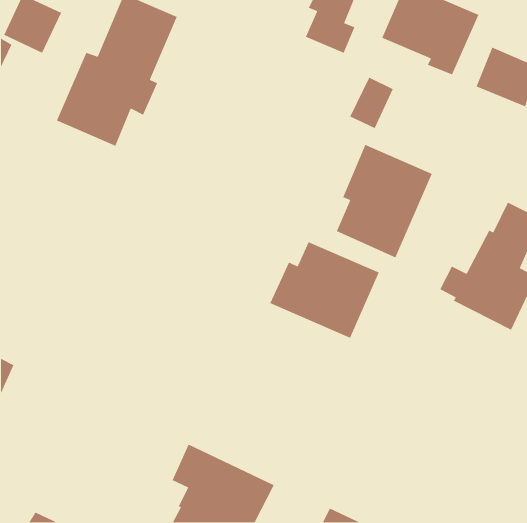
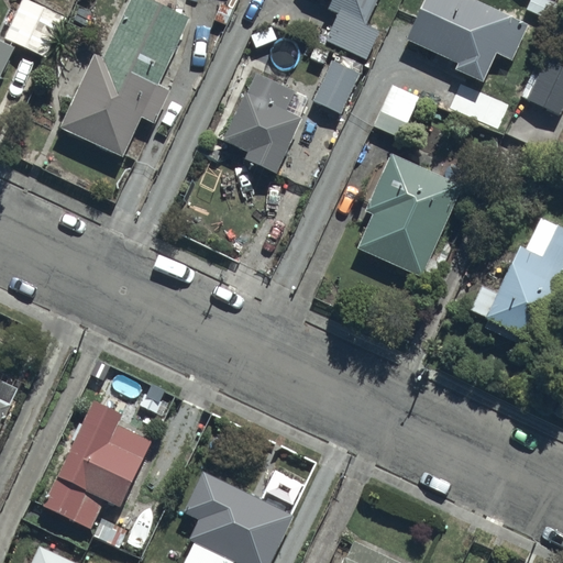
building: none -> [310,57,361,114]
building: none -> [225,71,302,174]
building: [269,241,380,339] -> none
building: none -> [41,401,151,528]

